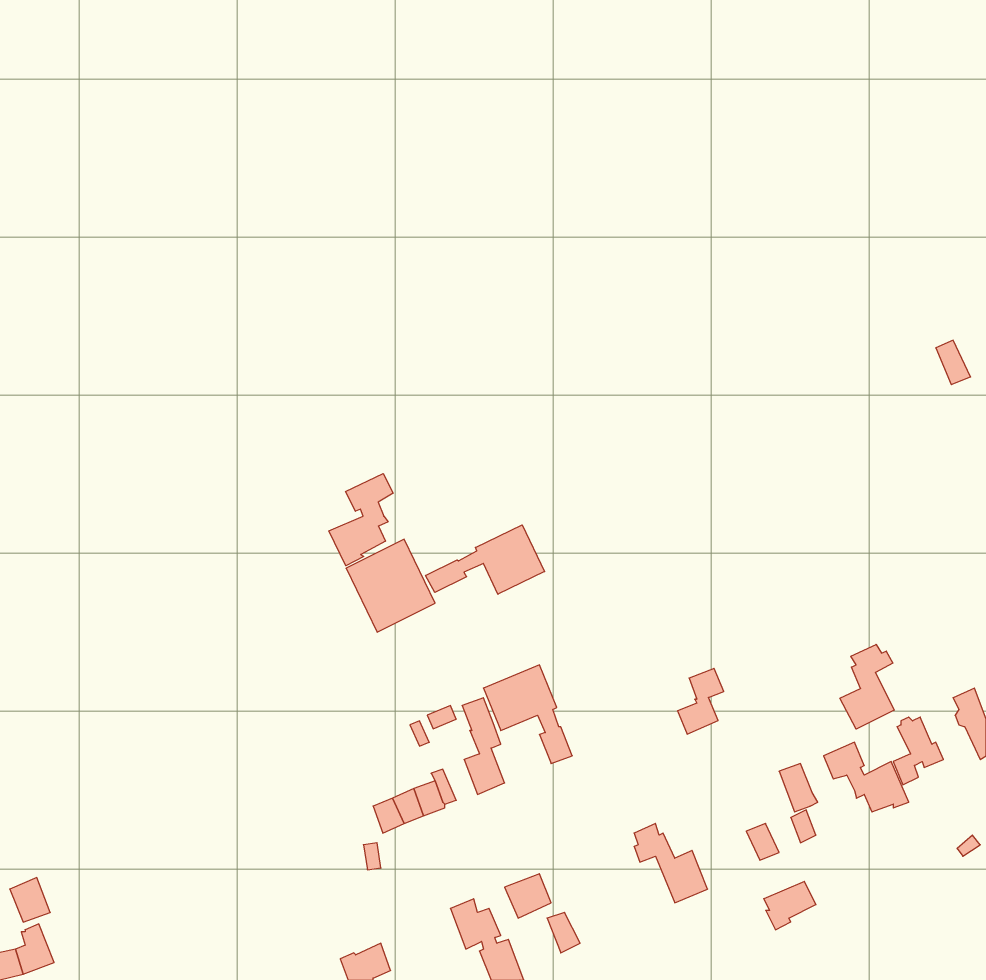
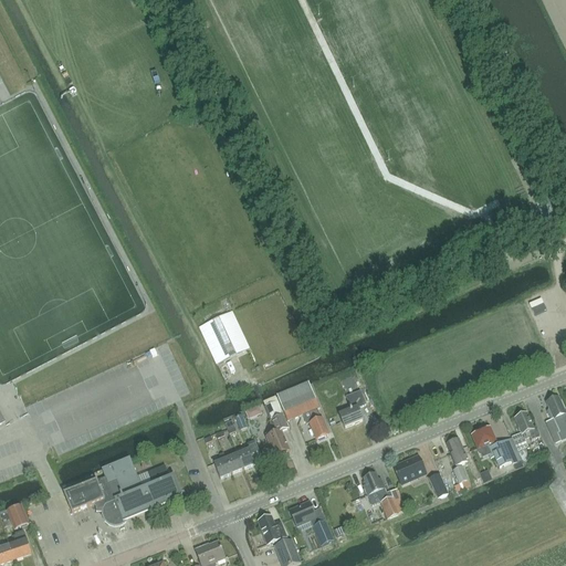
building: [329,474,393,566] -> none
building: [426,525,545,594] -> none
building: [840,644,894,729] -> none
building: [677,668,724,734] -> [338,388,365,426]
building: none -> [63,455,181,523]
building: [764,881,816,930] -> [394,454,423,482]

